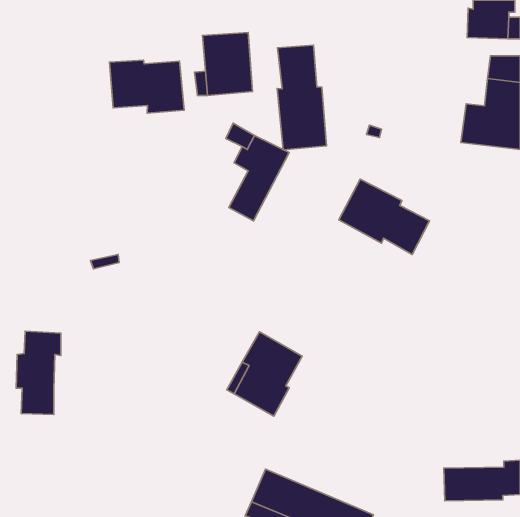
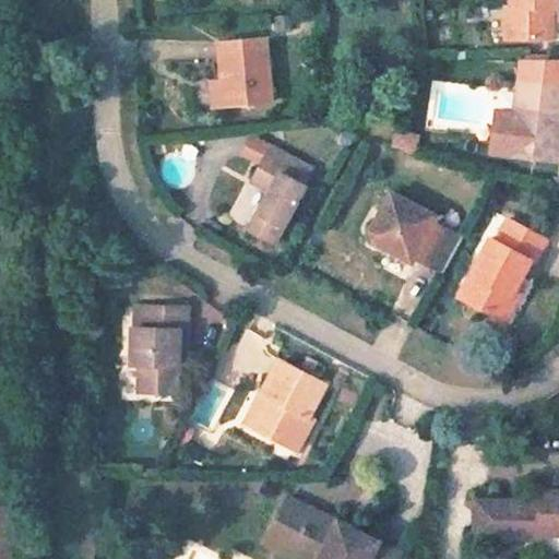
building: [277,45,326,150] -> none
building: [109,60,184,113] -> none
building: none -> [461,219,542,318]
building: [16,331,61,415] -> [132,307,180,396]

